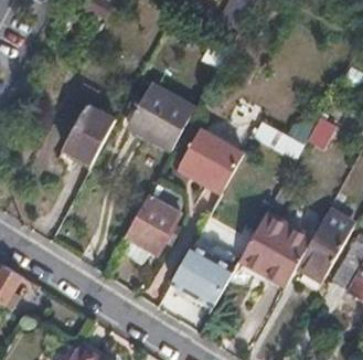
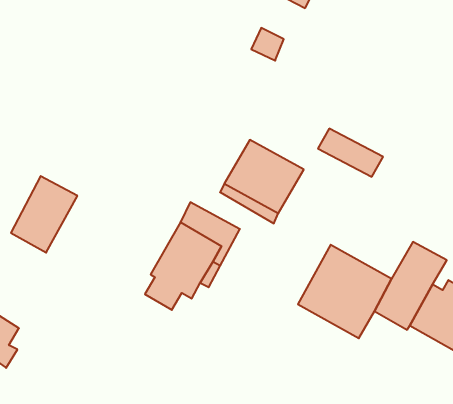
building: [132,84,195,148] -> none
building: [63,103,115,162] -> [11,176,77,253]
building: [170,244,235,309] -> none

